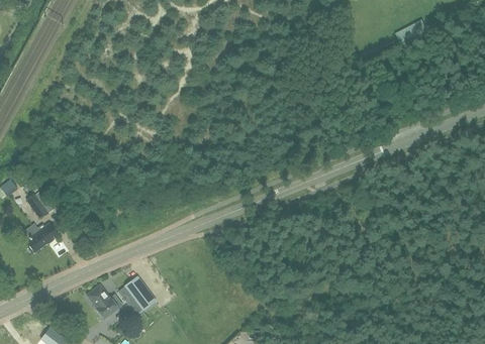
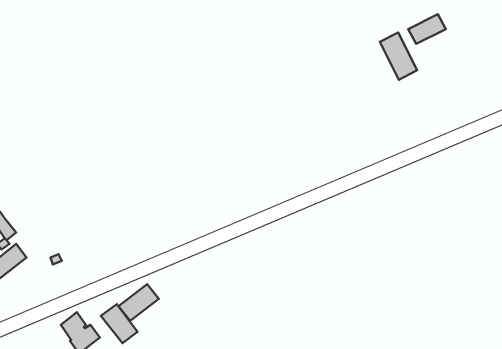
building: none -> [380,32,417,80]
building: none -> [119,284,159,321]

